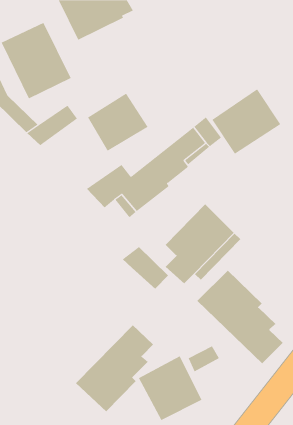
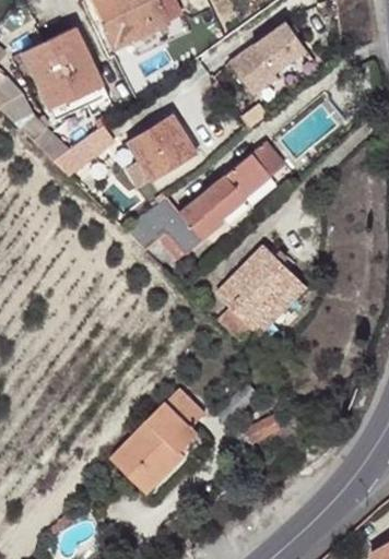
building: [212,89,281,155] -> [224,19,307,97]
building: [122,246,169,290] -> none
building: [197,270,284,364] -> none
building: [138,355,202,421] -> none

